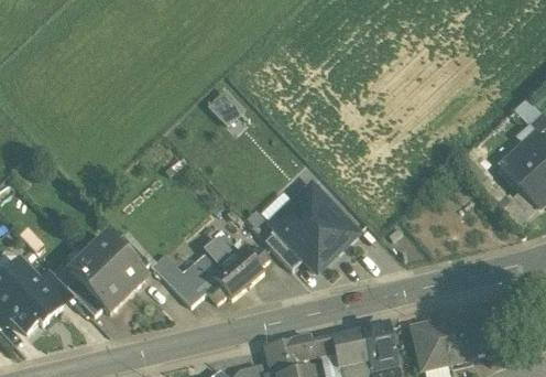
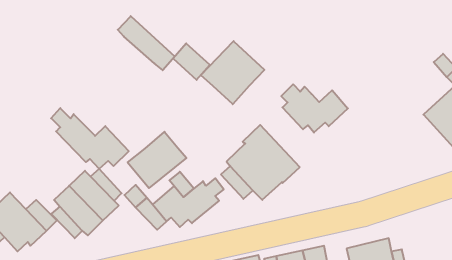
building: none -> [118,16,175,70]
building: none -> [201,41,264,104]
building: none -> [281,84,348,133]
building: none -> [51,108,129,169]
building: none -> [128,132,186,188]

